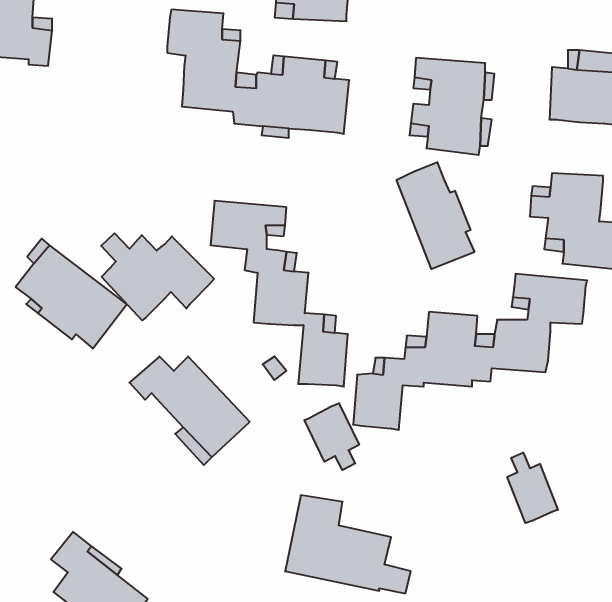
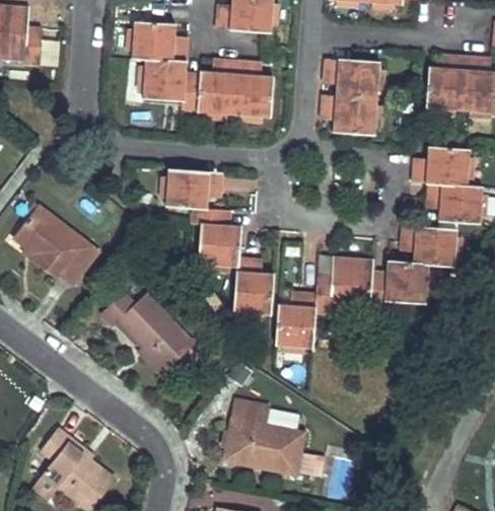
building: [397,162,474,269] -> none
building: [101,233,214,320] -> none
building: [304,403,359,470] -> none
building: [507,453,558,523] -> none

